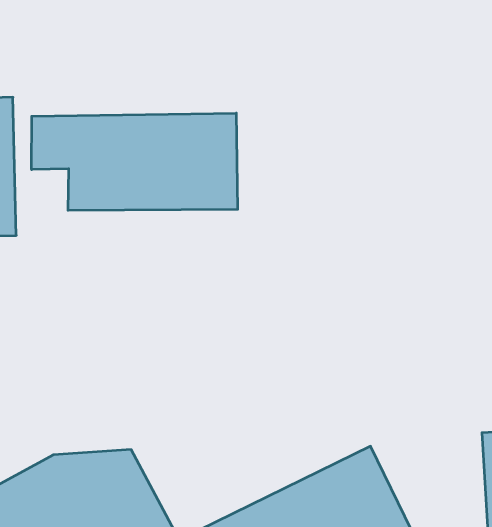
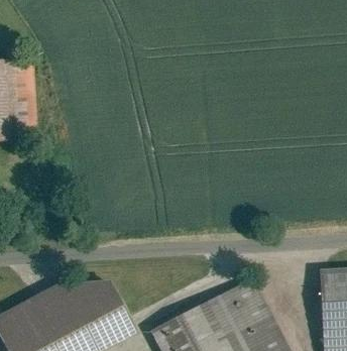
building: [32,113,238,210] -> none

